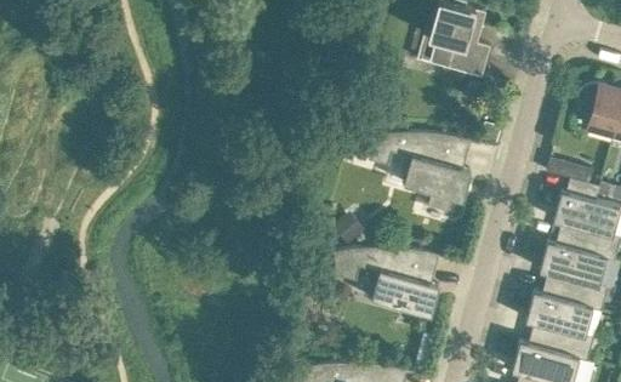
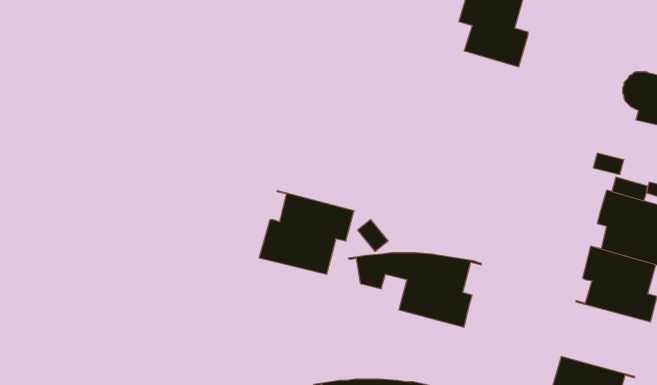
building: [358,133,479,213] -> none
building: none -> [259,190,354,274]
building: [520,293,602,361] -> none

